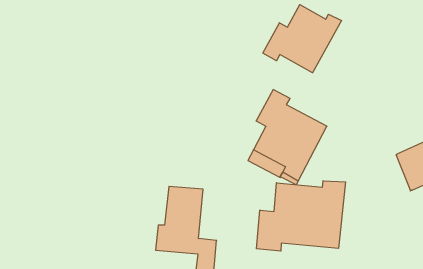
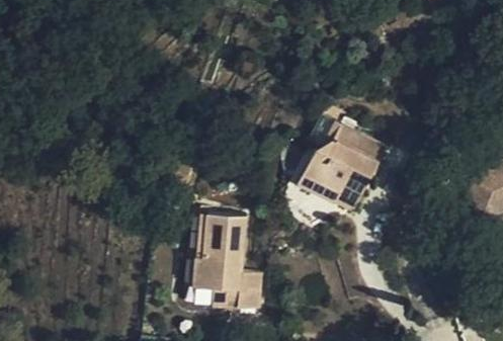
building: [263,5,342,73] -> none
building: [257,181,345,251] -> none

